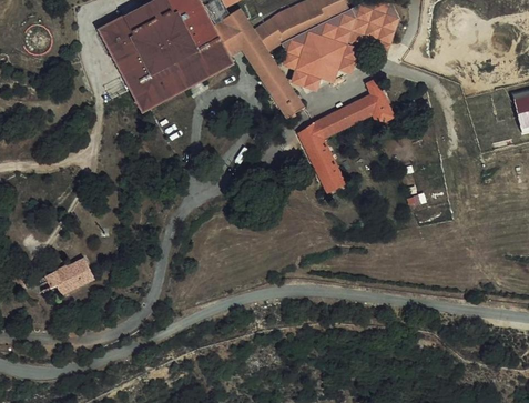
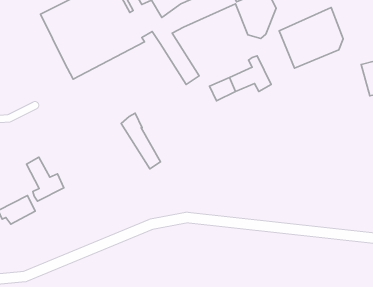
building: [282,14,364,92] -> [279,7,343,68]
building: [297,120,347,191] -> [121,113,160,169]
building: none -> [27,157,64,201]

